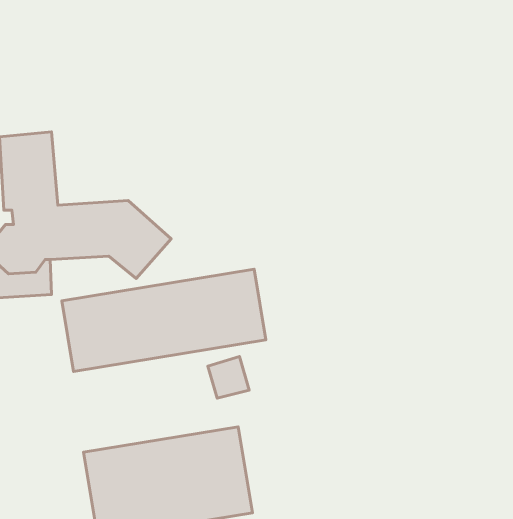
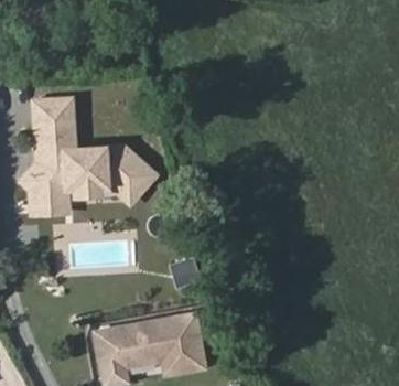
building: [62,269,266,371] -> none

